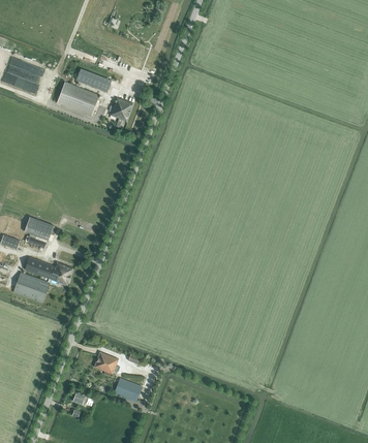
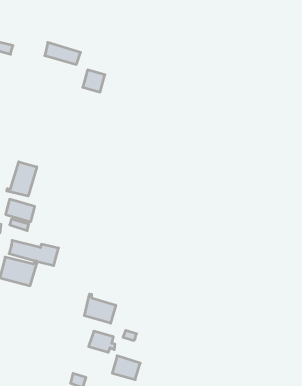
building: [56,82,98,116] -> none
building: none -> [7,162,37,196]
building: none -> [84,294,116,323]

